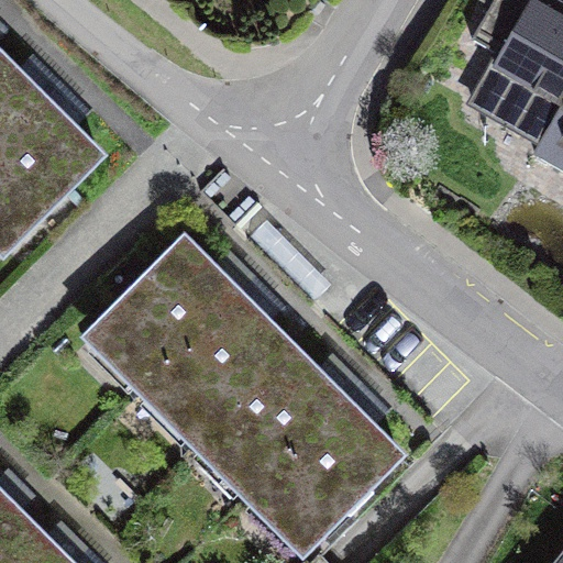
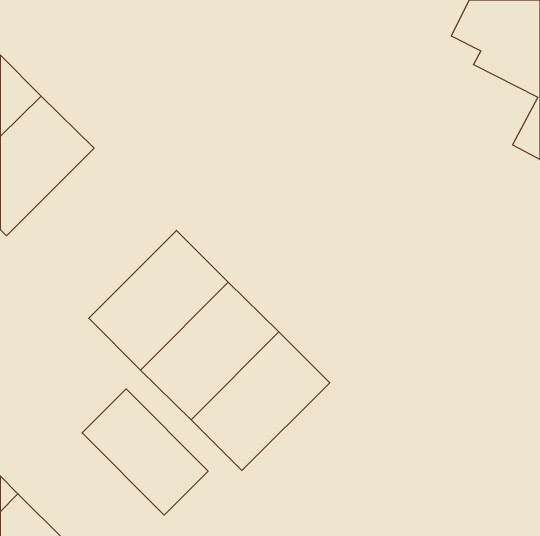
building: [252,402,397,549] -> none
building: none -> [82,389,208,515]

